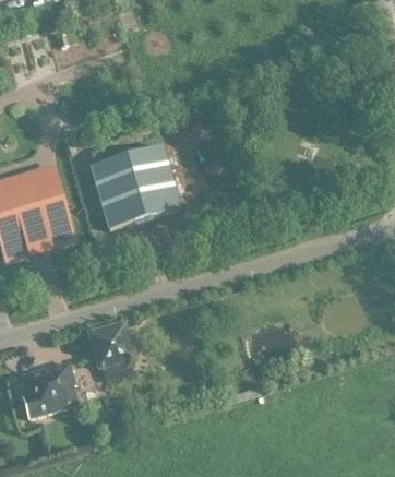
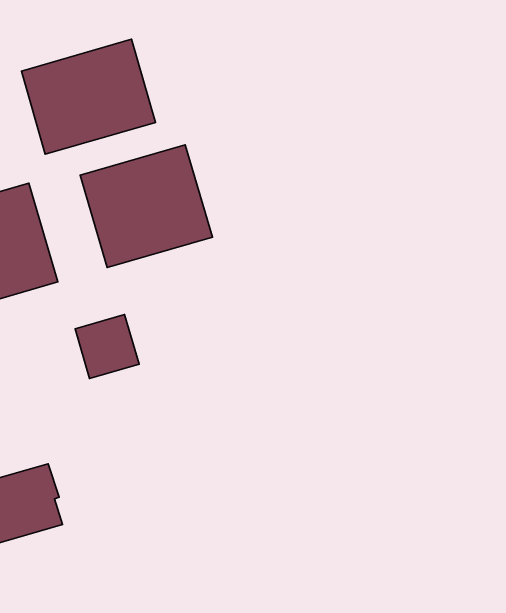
building: none -> [21,39,155,154]
building: [89,323,133,367] -> [75,315,139,378]

